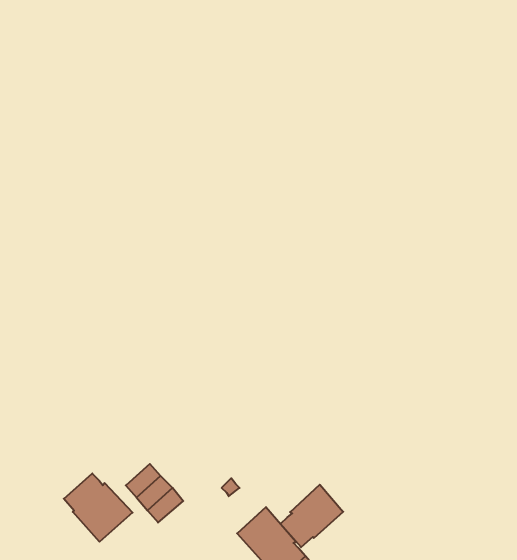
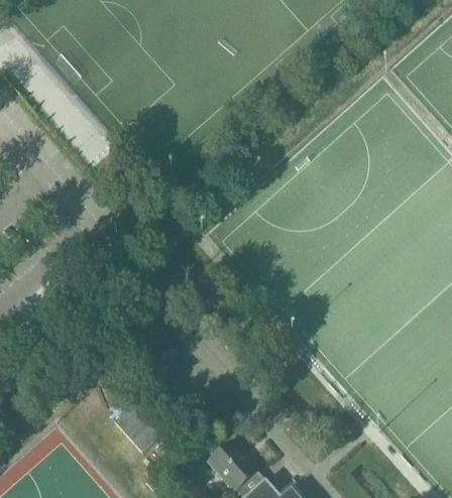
building: [64,473,133,542] -> none
building: [280,485,343,547] -> none

